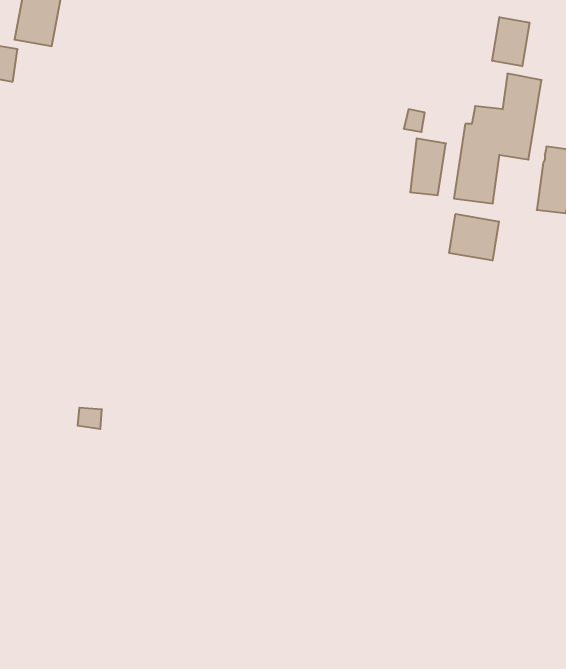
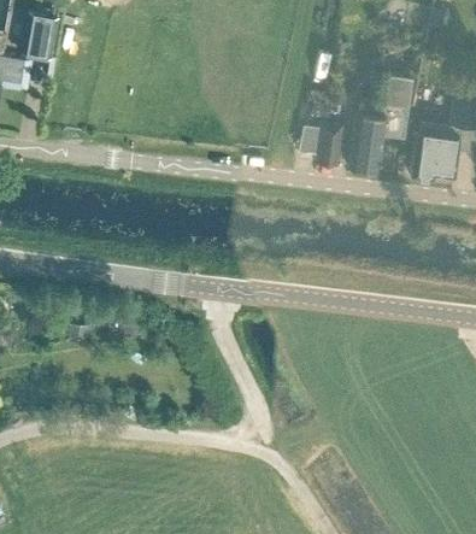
building: [492,17,529,66] -> none
building: [449,214,499,261] -> none

